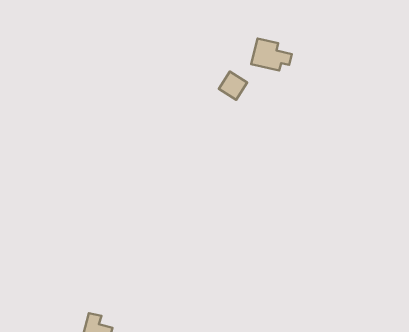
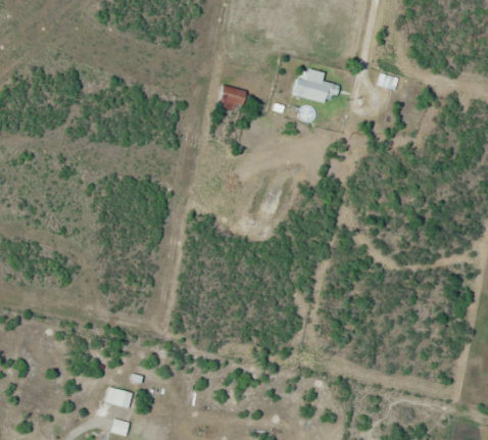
building: [219,72,247,100] -> [216,84,248,115]

